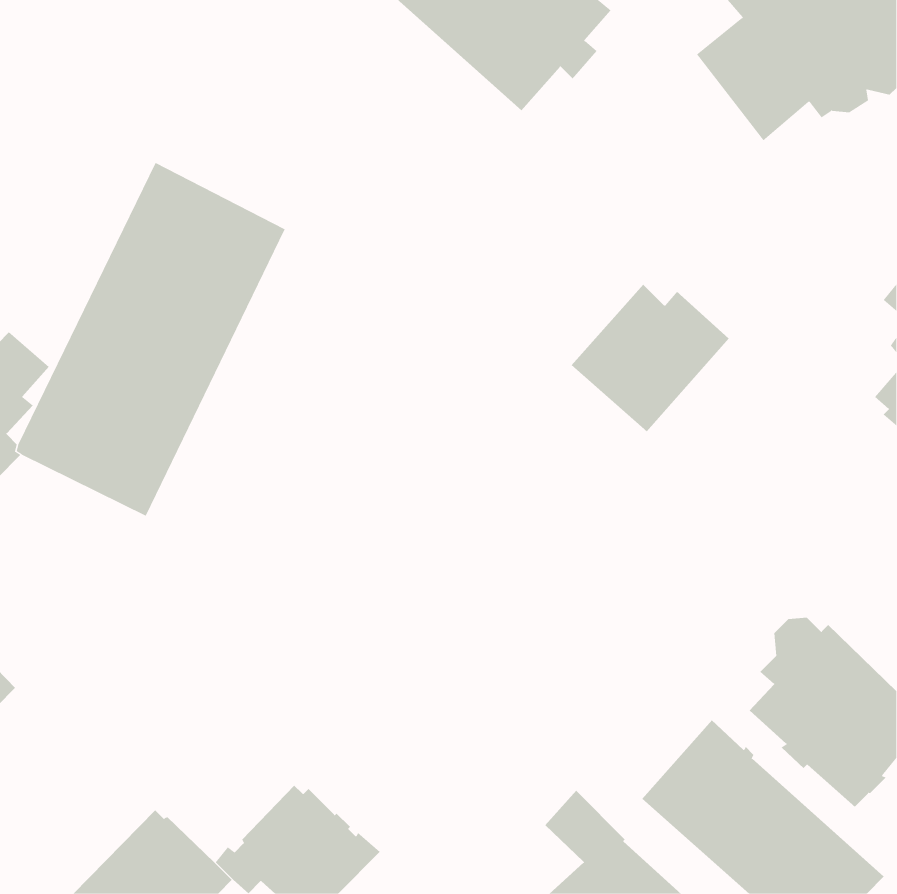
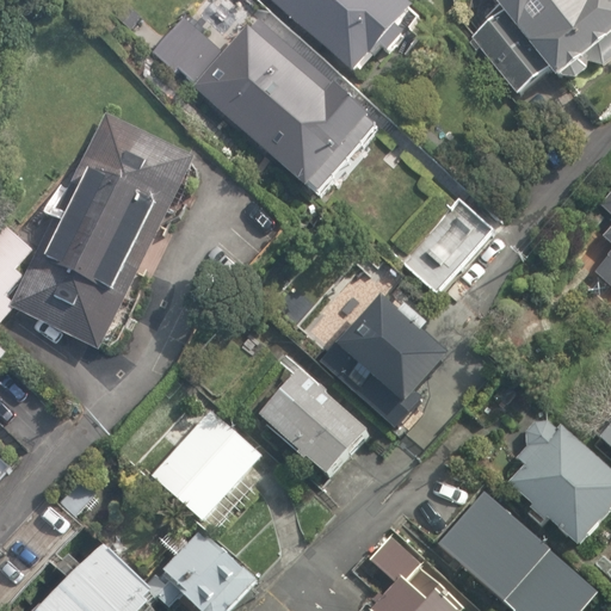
building: none -> [152,14,378,193]
building: none -> [323,296,451,430]
building: none -> [259,370,370,479]
building: none -> [150,408,264,523]

